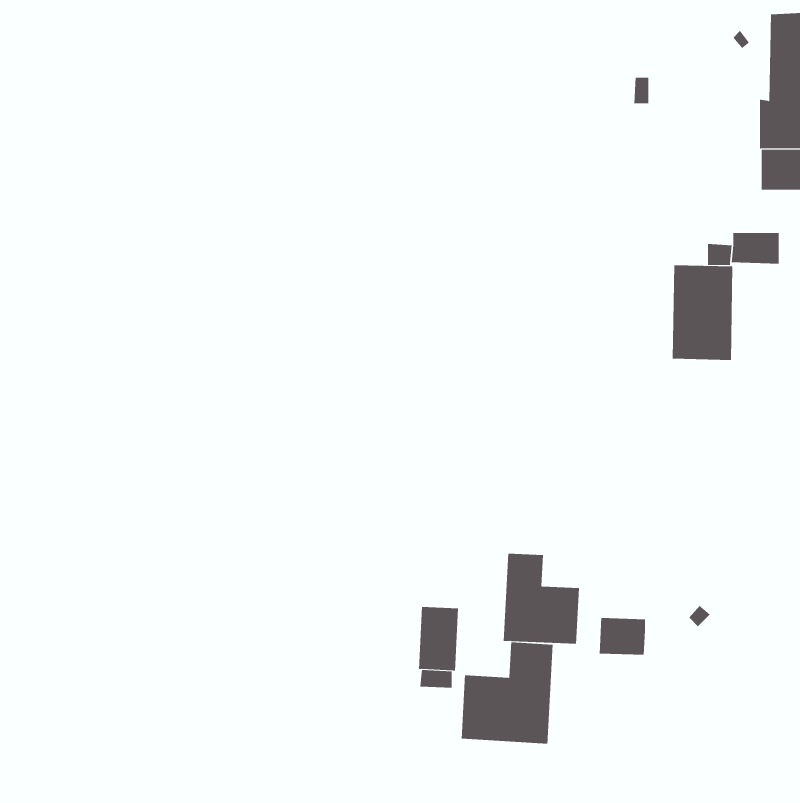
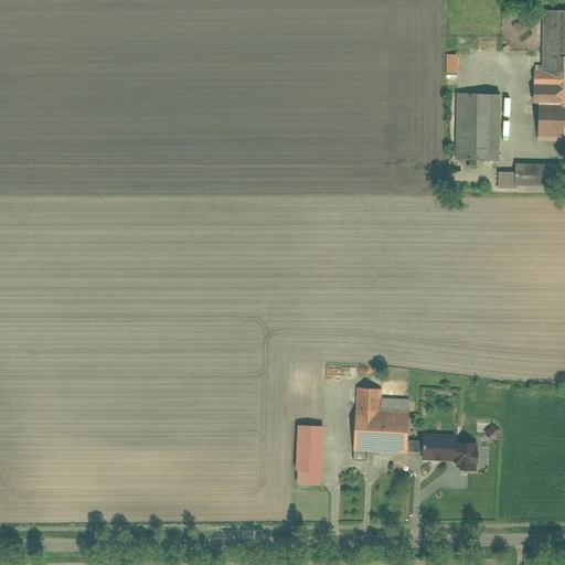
building: [672,265,733,361] -> [456,93,499,160]
building: none -> [455,443,480,470]
building: [461,641,553,745] -> none

